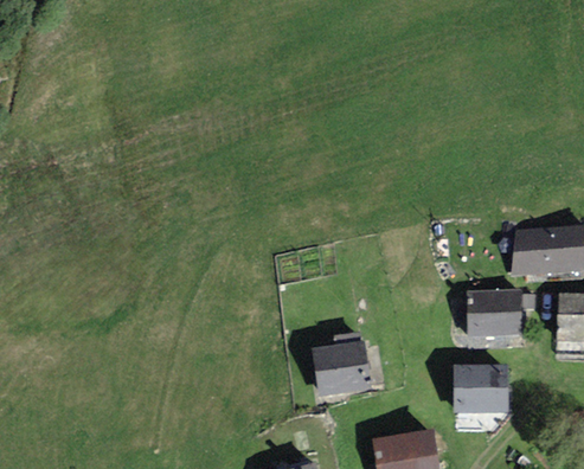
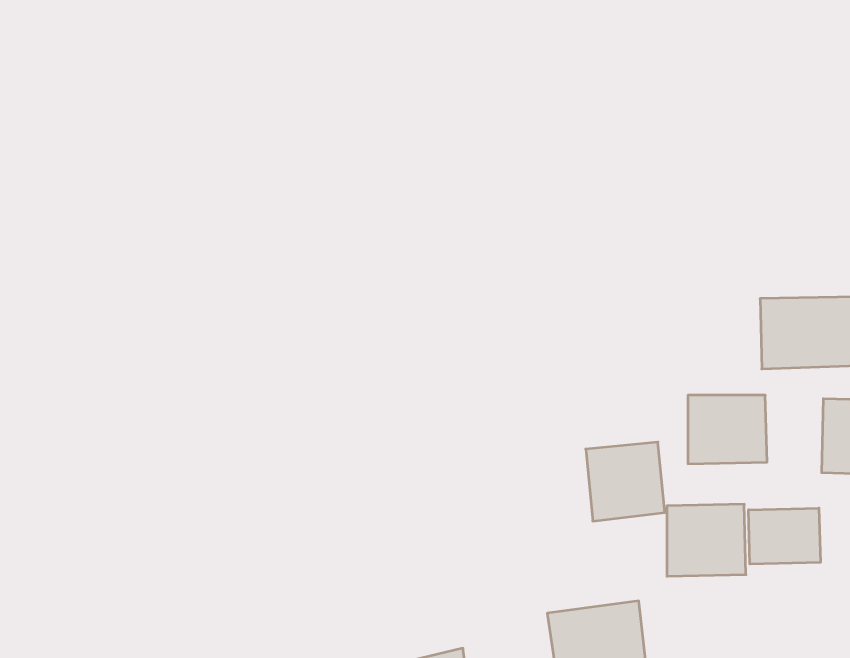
building: [315,342,368,396] -> [586,442,665,521]
building: none -> [749,508,820,564]

